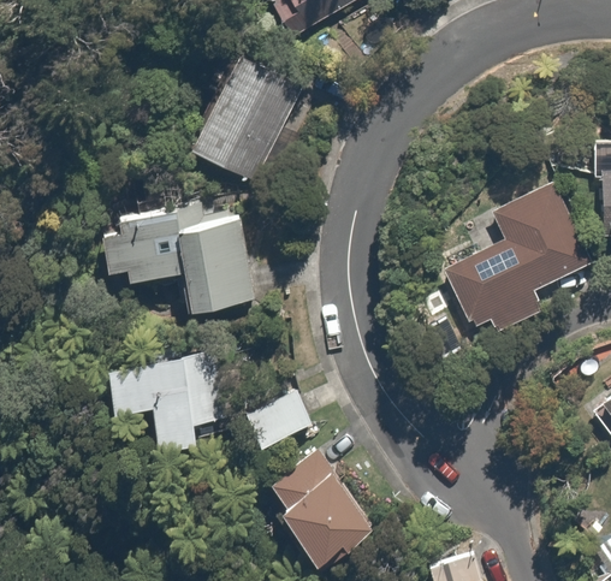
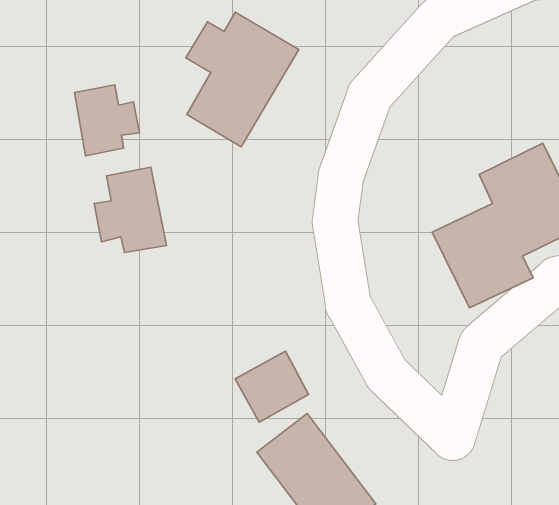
building: none -> [74,85,139,156]
building: [176,214,257,310] -> none
building: [115,351,236,464] -> none

